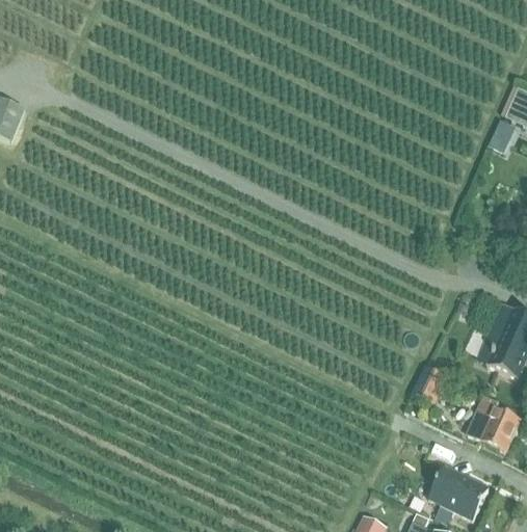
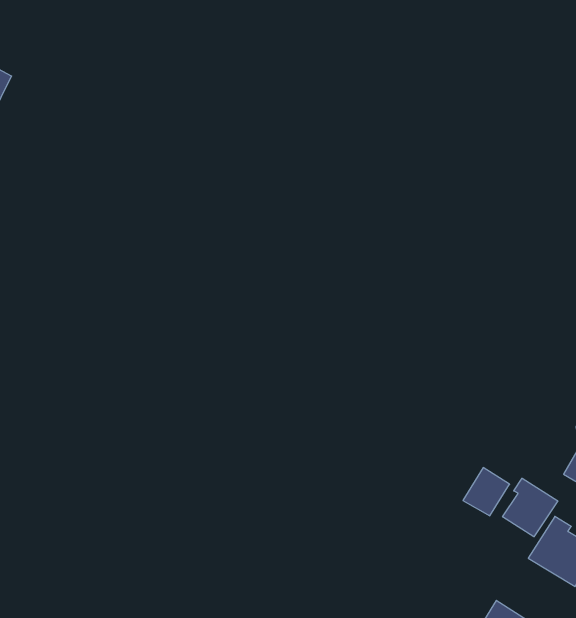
building: none -> [503,478,558,537]

